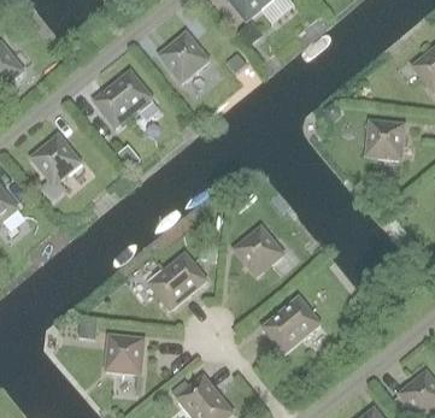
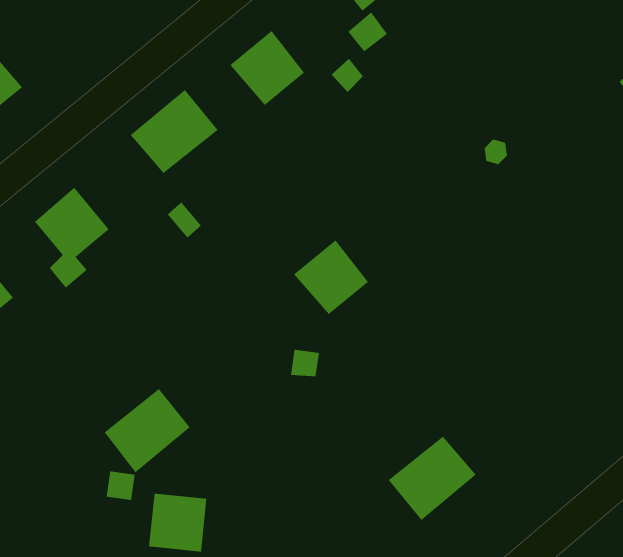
building: [365,120,404,159] -> none
building: [233,226,282,276] -> [293,239,369,315]
building: [148,254,205,310] -> [104,388,191,473]

